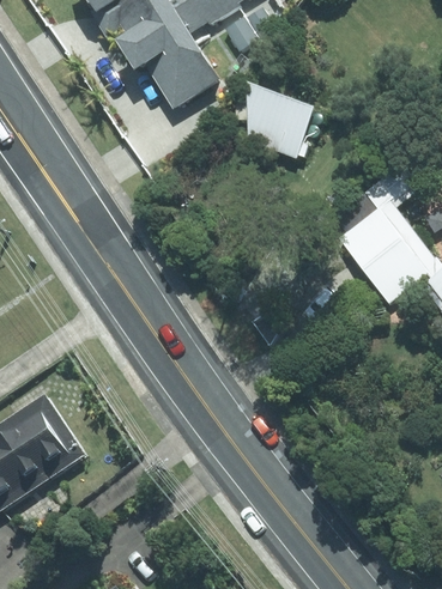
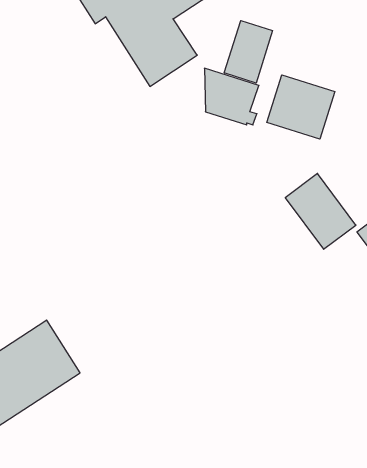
building: none -> [224,21,273,83]
building: none -> [267,75,335,139]

